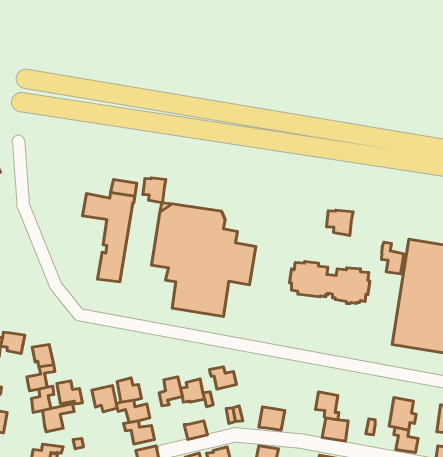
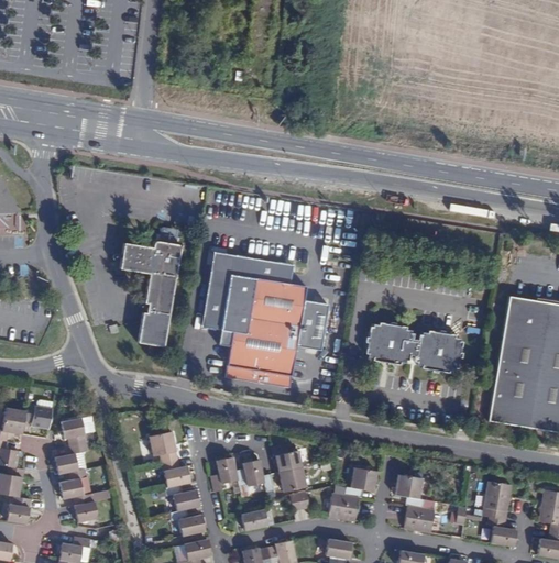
building: [143,178,166,203] -> none
building: [326,210,353,235] -> none
building: [381,242,404,274] -> none
building: [57,381,82,404] -> none
building: none -> [280,466,307,493]
building: [92,386,117,412] -> [149,432,178,463]
building: none -> [346,468,377,498]

